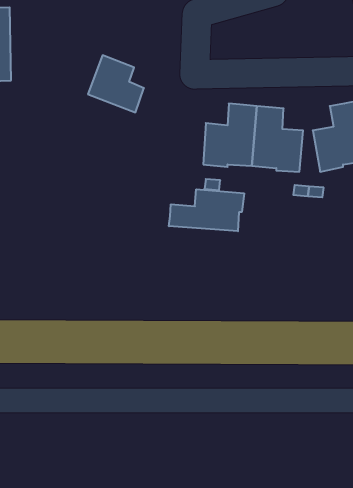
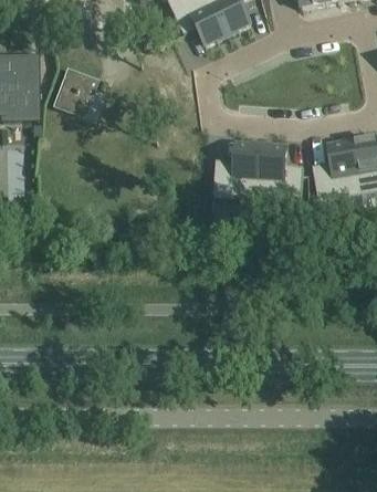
building: [88,55,144,112] -> [53,67,104,119]
building: [169,189,244,231] -> none

